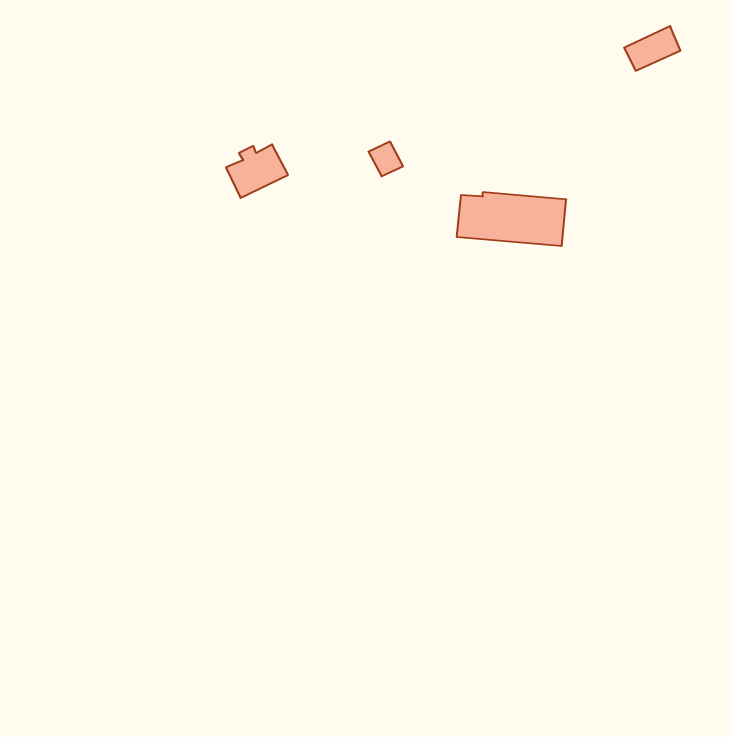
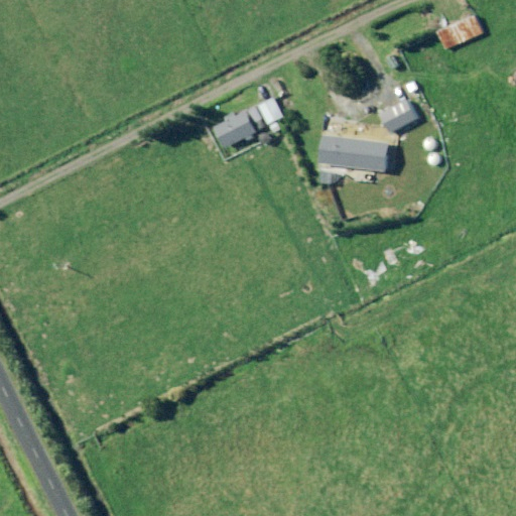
building: none -> [379,98,417,133]
building: [226,144,288,198] -> [214,111,257,148]

